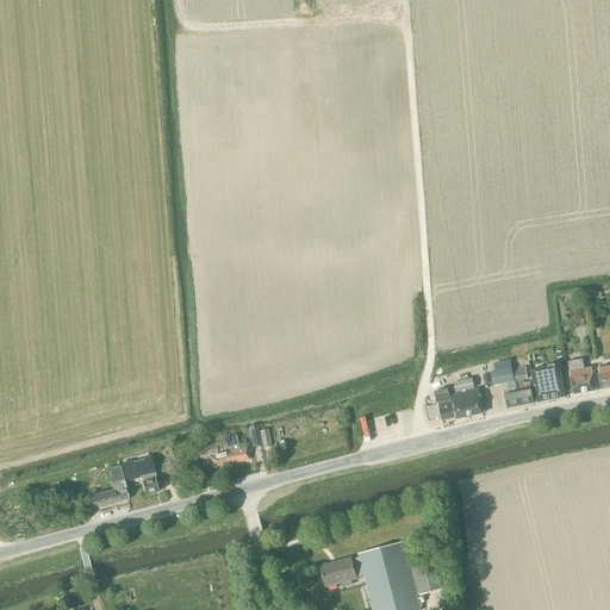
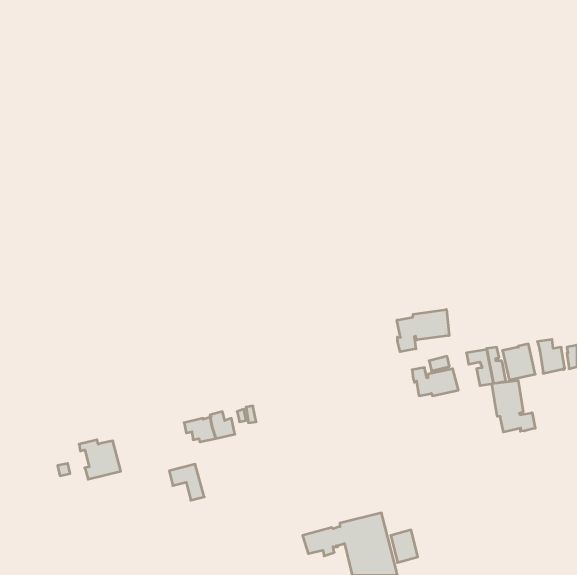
building: none -> [397,309,449,352]
building: none -> [492,381,535,432]
building: [122,456,158,494] -> [169,464,204,500]

